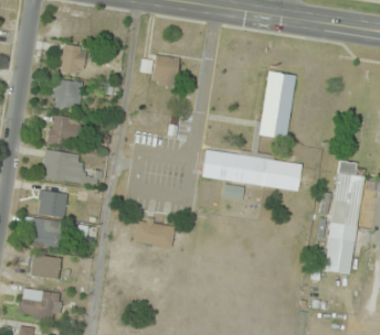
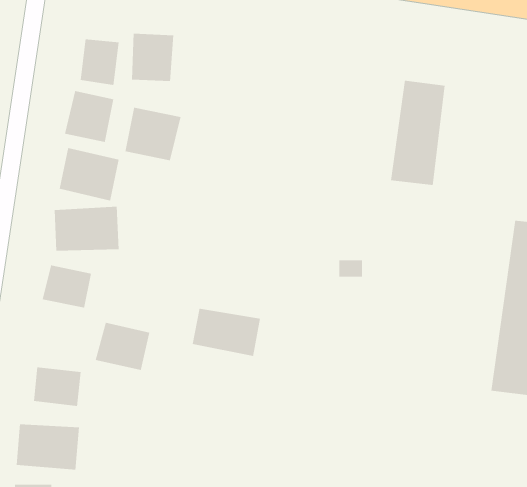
building: [154,56,181,87] -> [131,33,174,82]
building: none -> [125,107,181,161]
building: [202,149,303,190] -> none
building: [28,217,63,248] -> [95,322,150,371]

